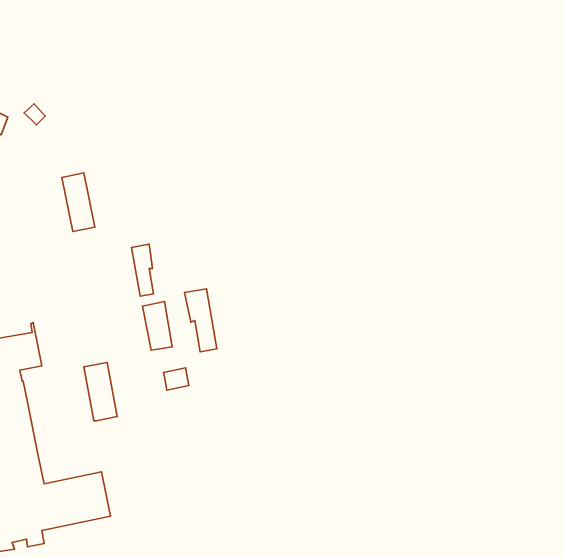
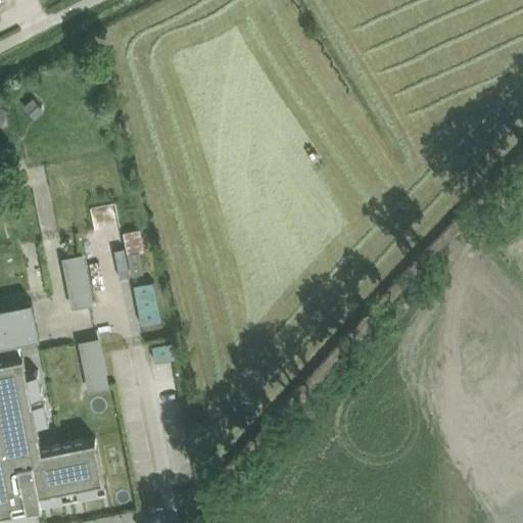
building: [62,173,95,232] -> [61,257,92,312]
building: [184,289,217,352] -> none

